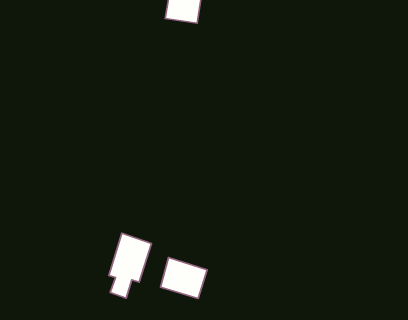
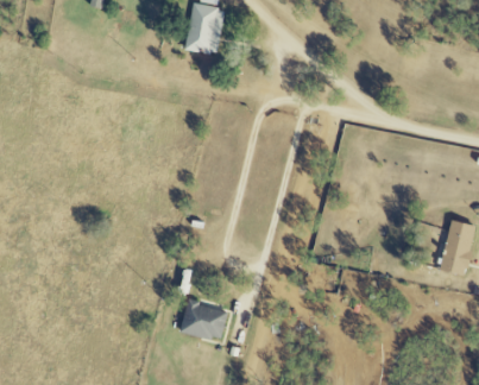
building: [109,233,152,298] -> none

